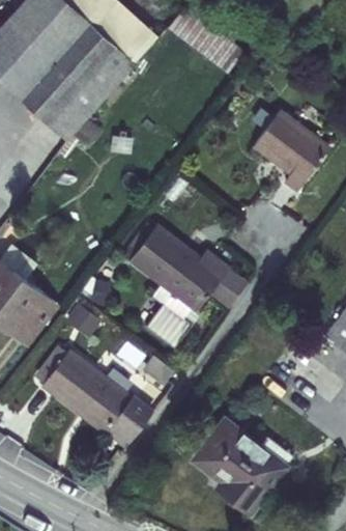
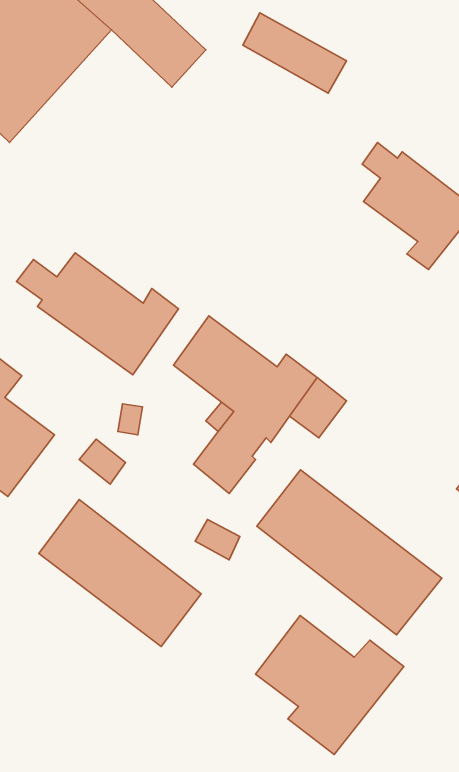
building: [23,30,132,143] -> none
building: none -> [16,253,178,375]
building: none -> [257,470,442,635]

